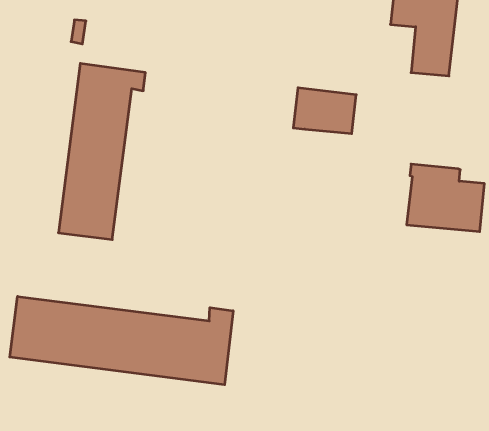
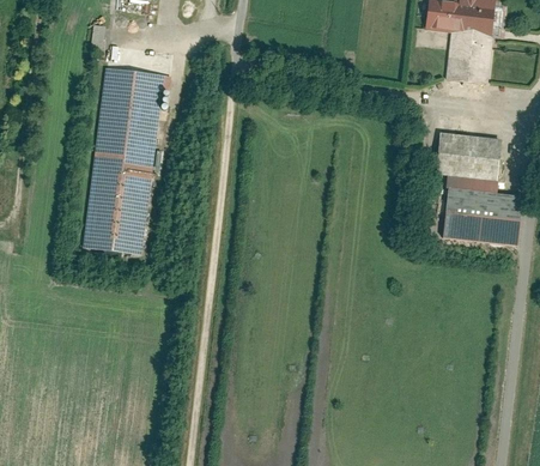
building: [293,88,356,134] -> [436,131,502,178]
building: [10,296,233,385] -> none

